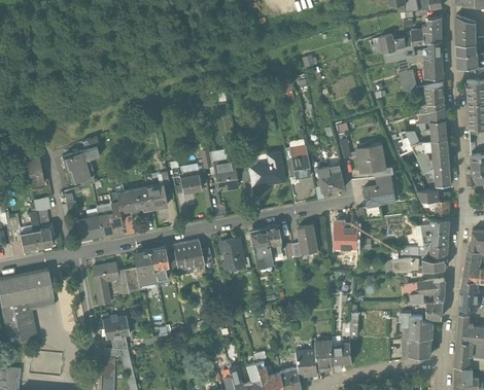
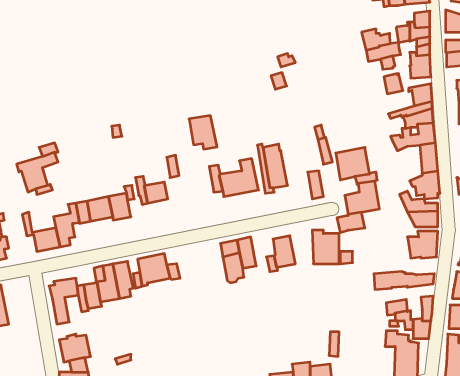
building: [213,162,239,192] -> [189,116,217,149]
building: [314,166,334,199] -> none
building: [218,239,244,272] -> none
building: [403,244,448,260] -> none

